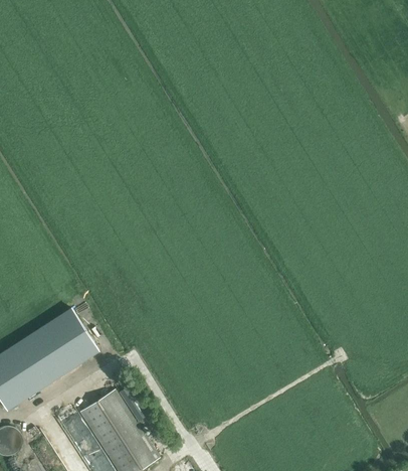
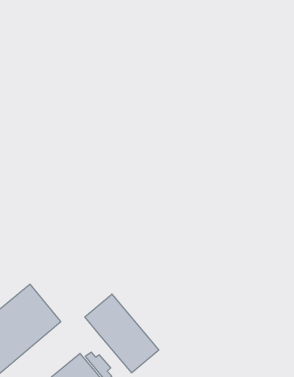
building: none -> [85,294,159,373]

